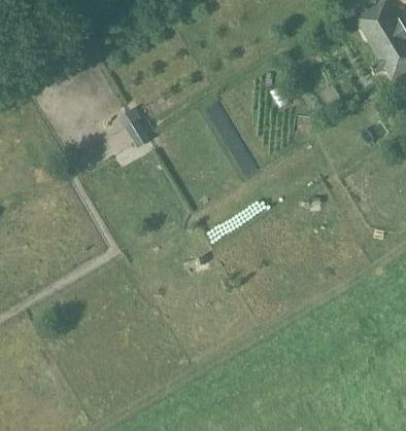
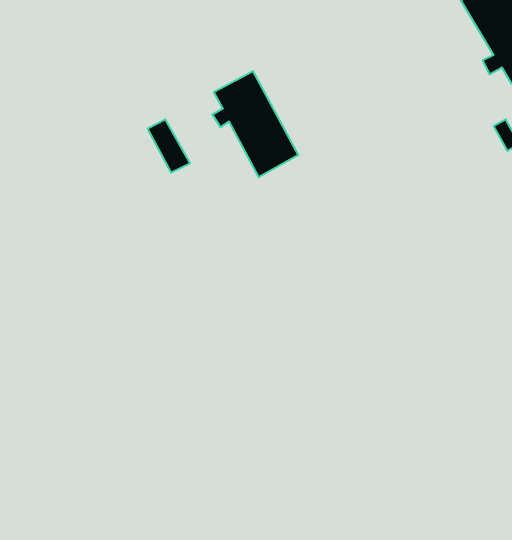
building: none -> [212,71,298,177]

